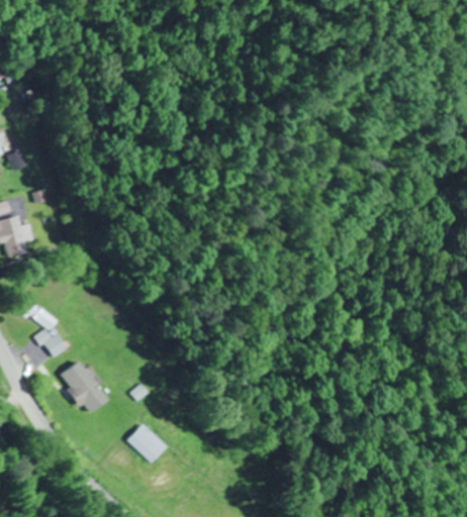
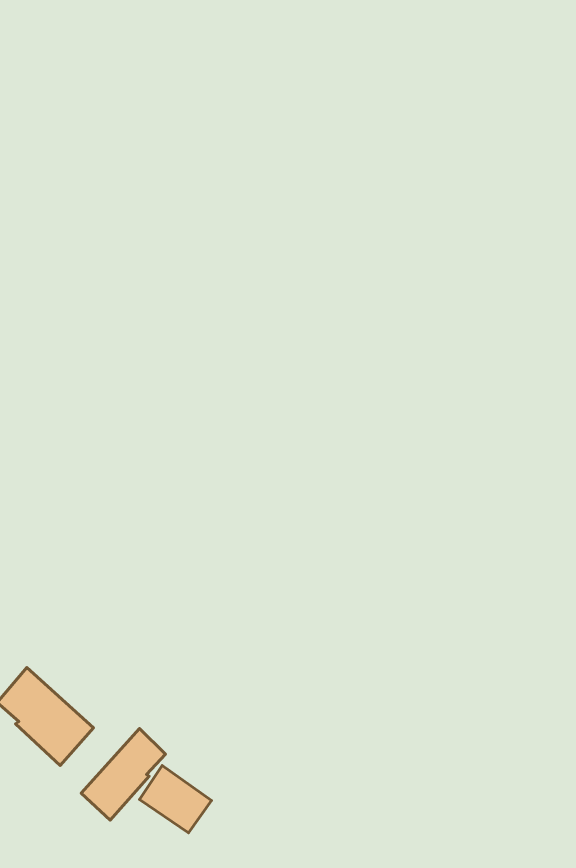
building: none -> [81,729,166,820]

